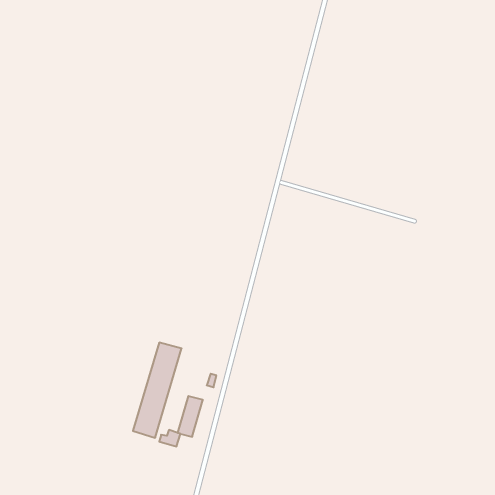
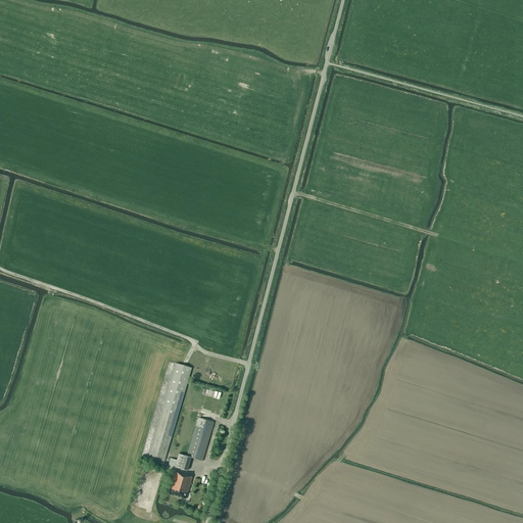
building: none -> [170,470,193,498]

